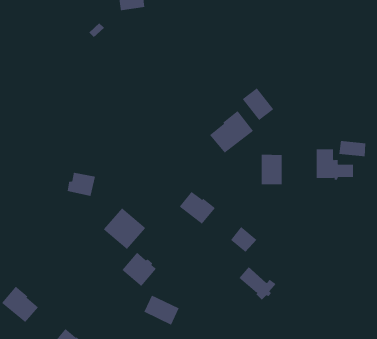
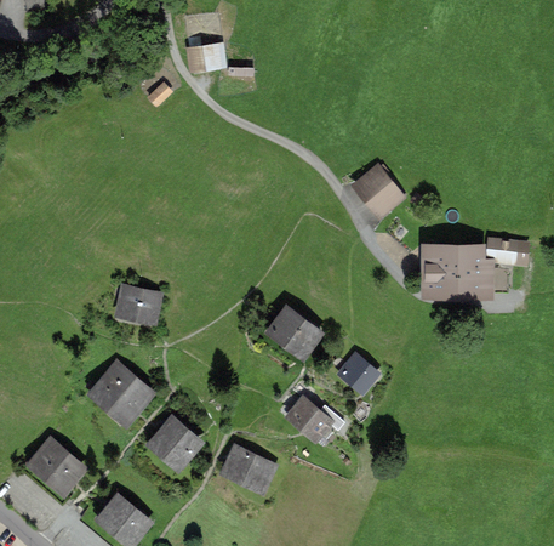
building: [209,110,254,153] -> none
building: [261,154,282,185] -> [424,251,453,292]
building: [103,208,146,250] -> [92,360,150,417]
building: [122,252,157,287] -> [152,415,199,462]
building: [238,266,276,300] -> [287,402,338,448]

